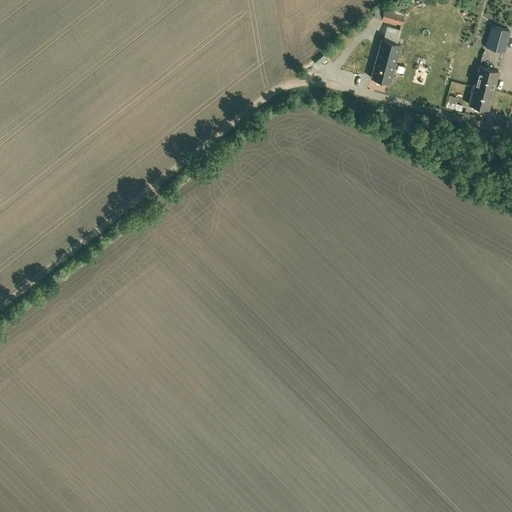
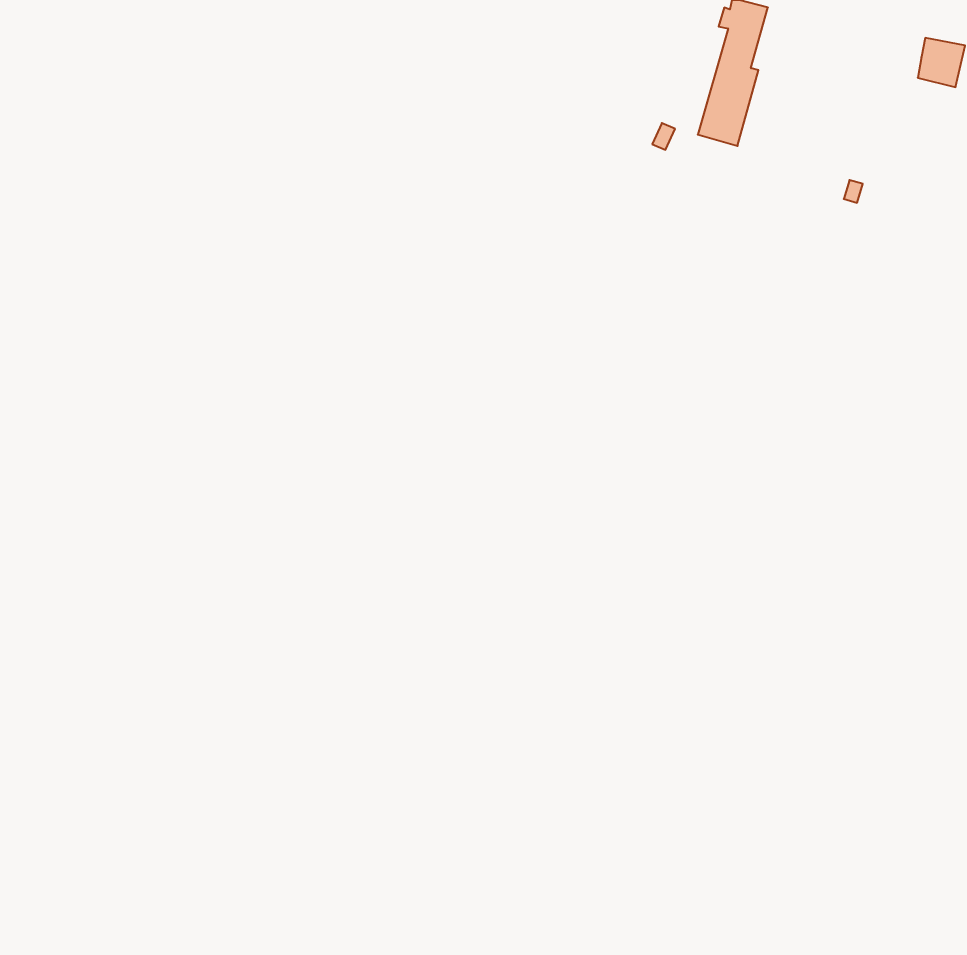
building: [470,72,500,116] -> none

